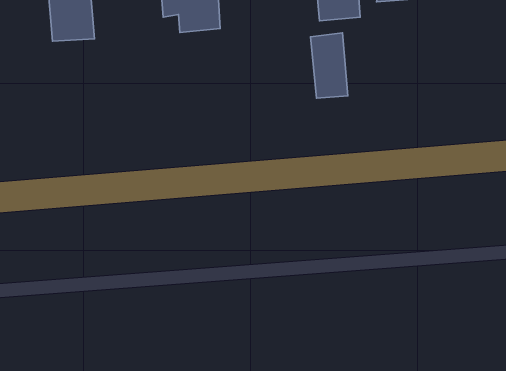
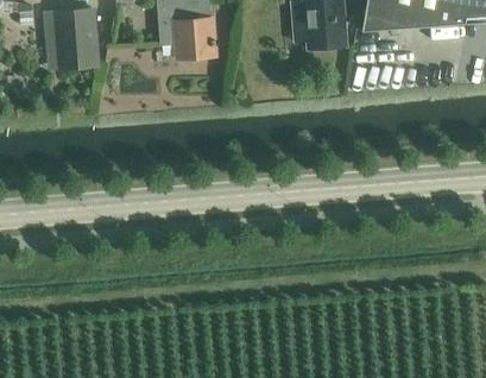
building: [311,33,348,98] -> none

